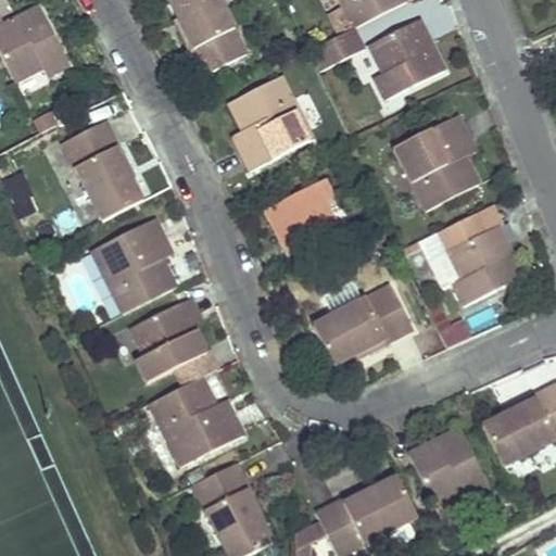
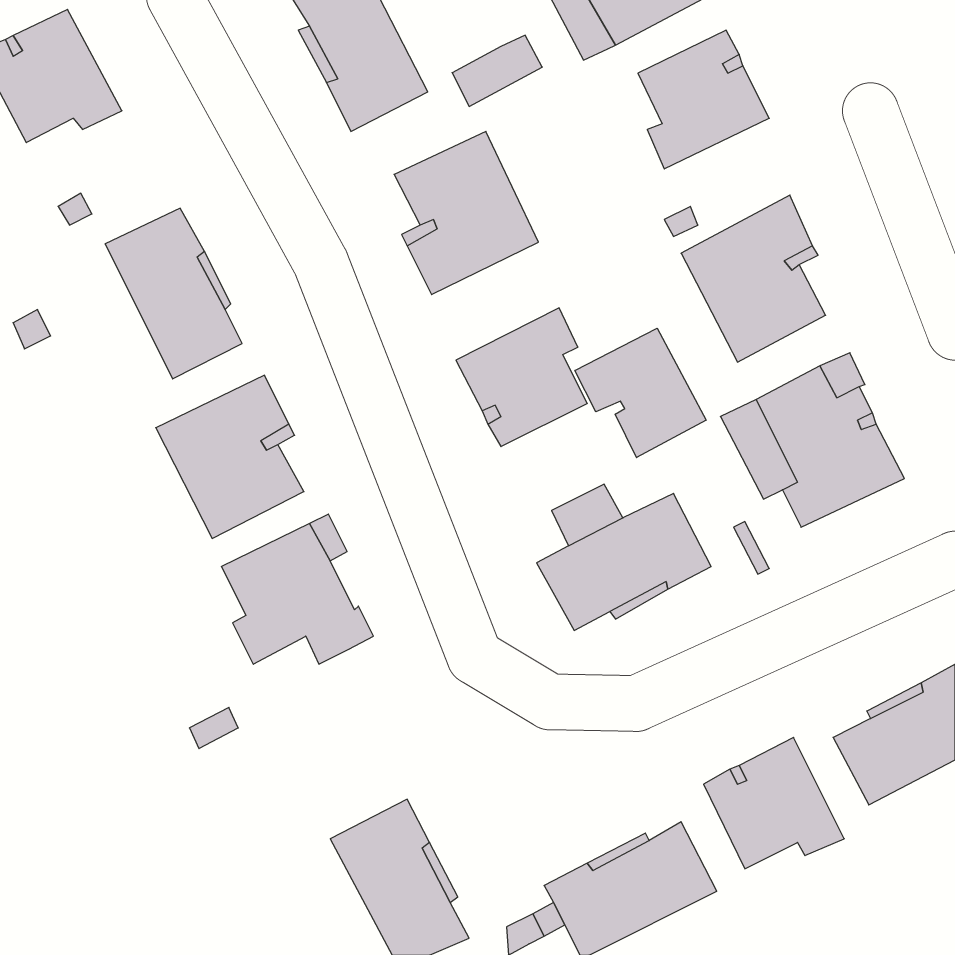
building: [309,28,362,70] -> [452,35,542,106]
building: none -> [575,328,706,458]
building: [149,376,244,466] -> none

